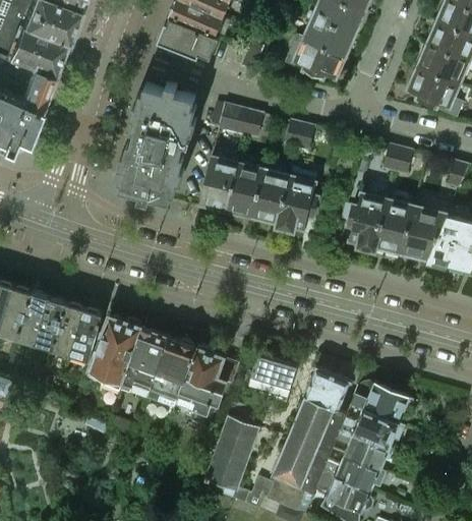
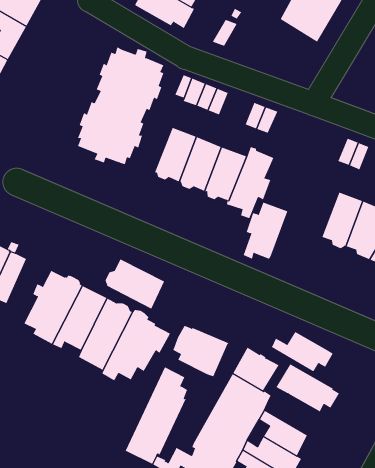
building: [295,35,347,77] -> none
building: [348,193,388,252] -> [243,202,288,260]
building: none -> [105,258,165,309]
building: [70,307,104,361] -> none
building: [342,408,405,447] -> [271,331,334,372]

